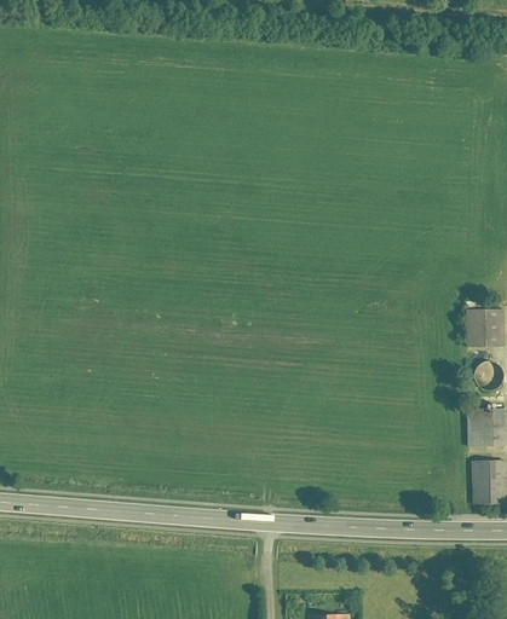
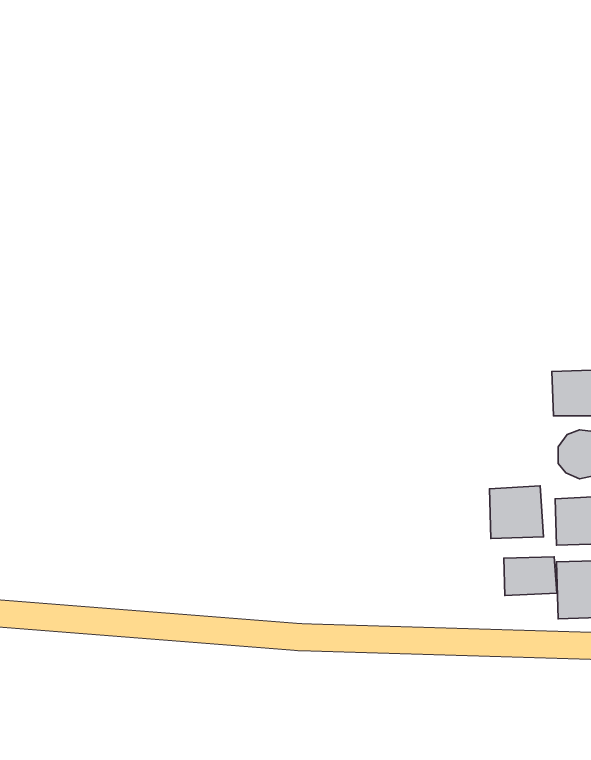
building: none -> [489,486,544,538]
building: none -> [504,557,557,596]

